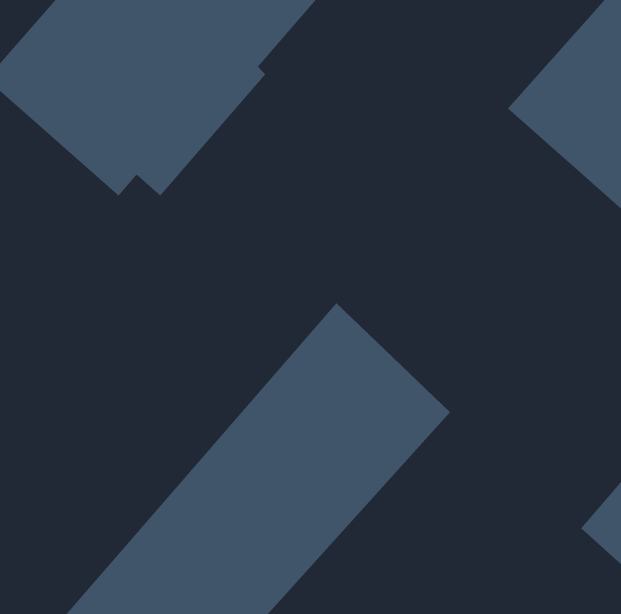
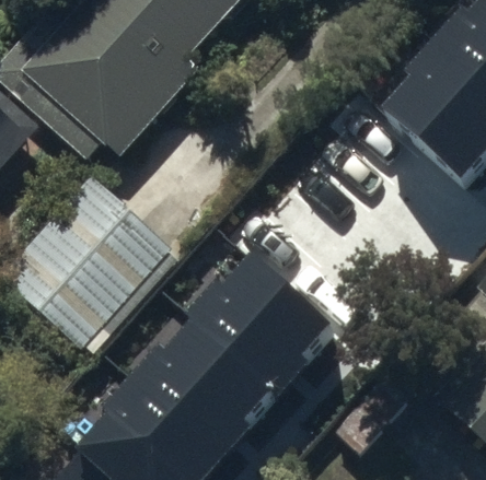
building: none -> [11,186,182,358]

